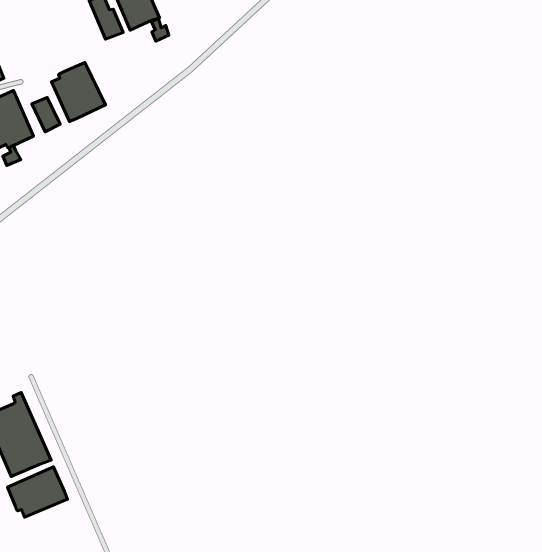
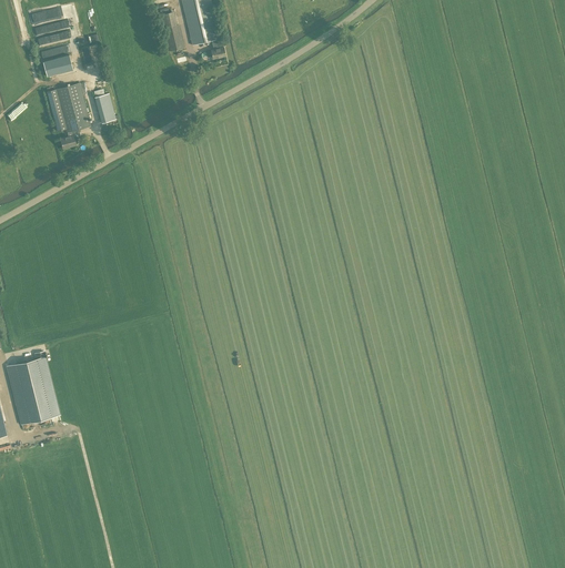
building: [51,62,105,122] -> none
building: [8,467,68,517] -> none

